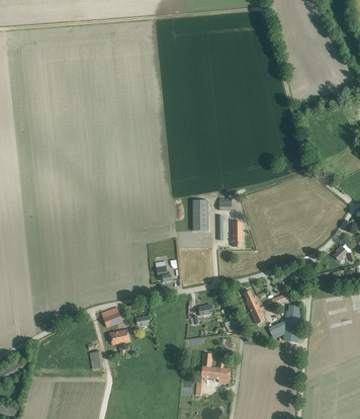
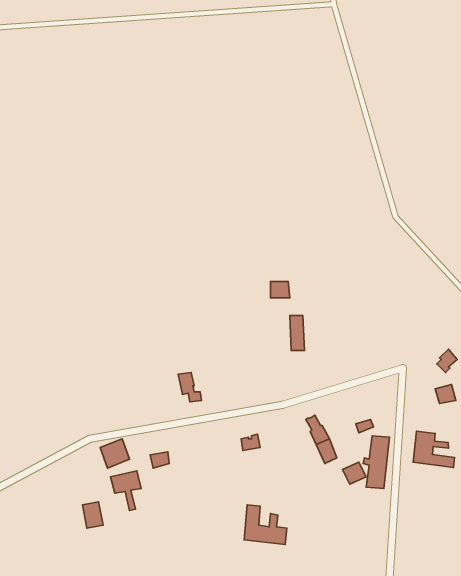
building: [192,199,207,230] -> none
building: none -> [413,431,455,467]

